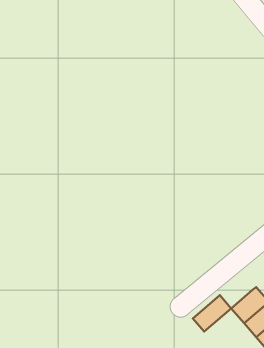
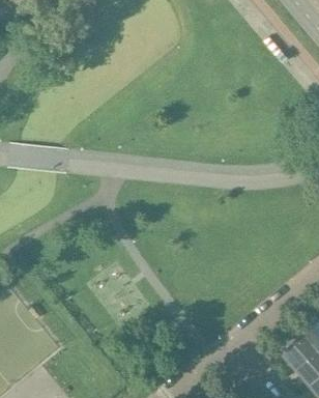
building: [193,295,231,332] -> none

